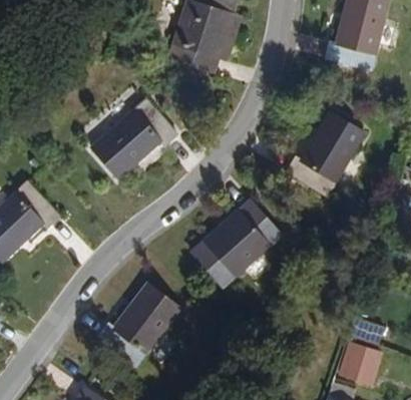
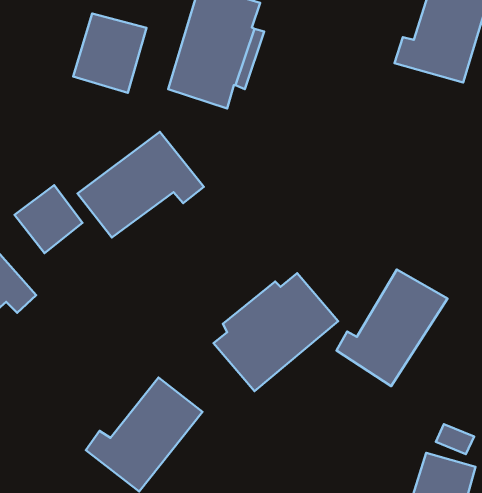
building: none -> [73,14,147,93]
building: [290,107,371,192] -> [336,270,448,386]
building: none -> [15,185,82,253]

